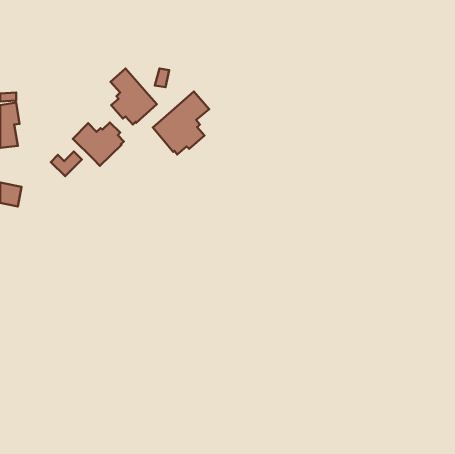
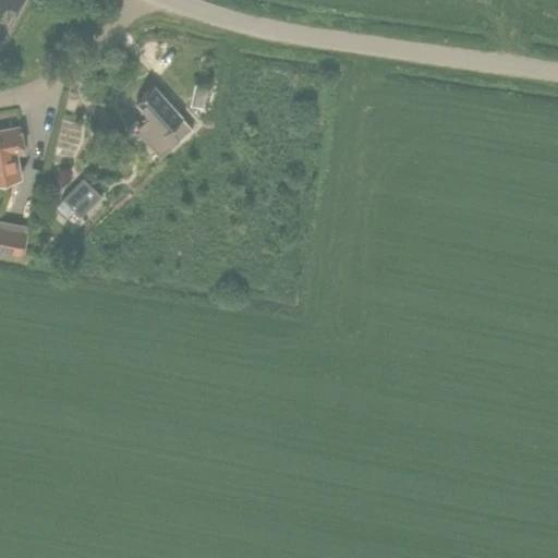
building: [153,92,209,154] -> none
building: [73,122,124,166] -> none

